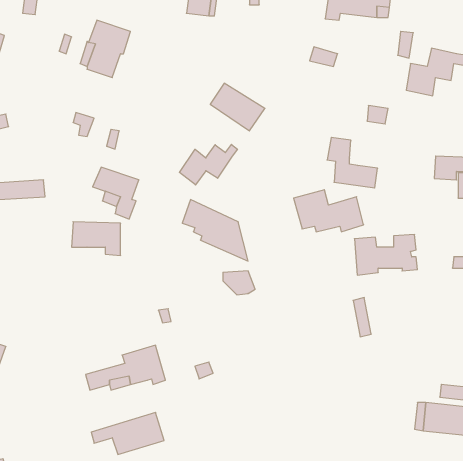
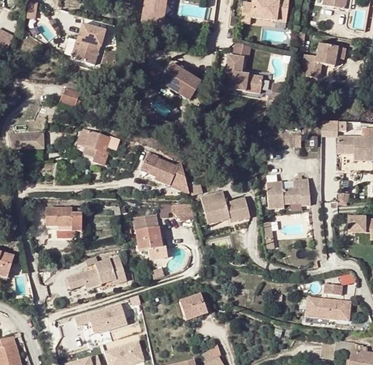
building: [327,137,378,188] -> [228,57,264,93]
building: [179,144,237,185] -> none
building: [294,190,364,232] -> [199,190,249,220]
building: [72,222,121,255] -> [46,207,81,231]
building: none -> [134,213,167,259]
building: none -> [179,293,206,320]

